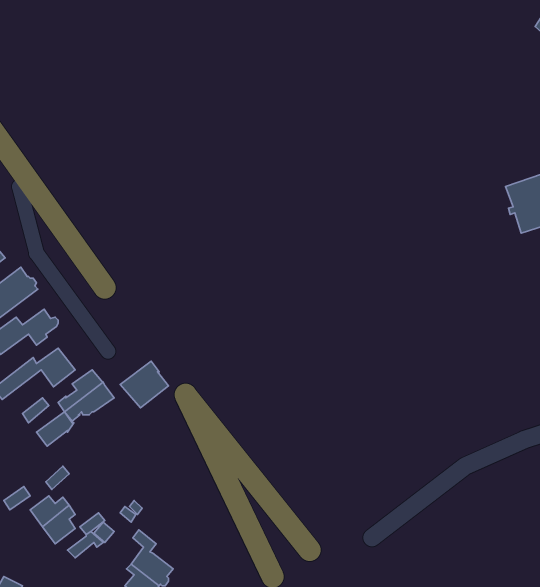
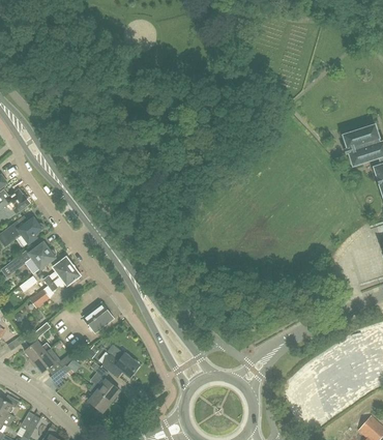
building: [120,361,168,408] -> [82,301,114,332]
building: none -> [101,350,143,378]

